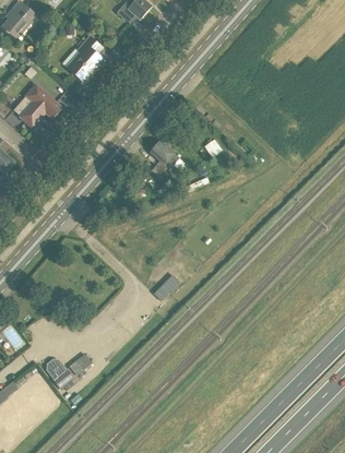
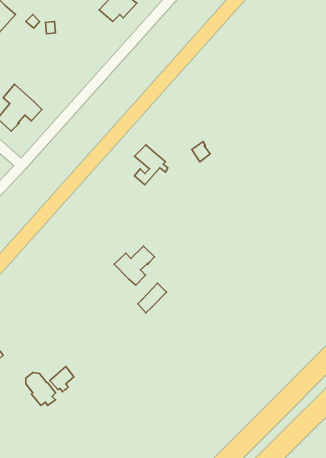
building: [62,35,104,81] -> none
building: none -> [114,246,154,285]

